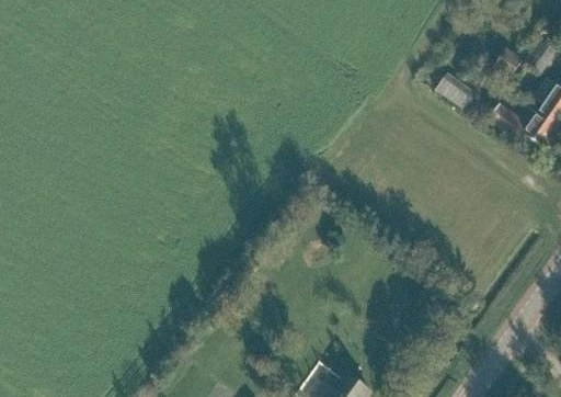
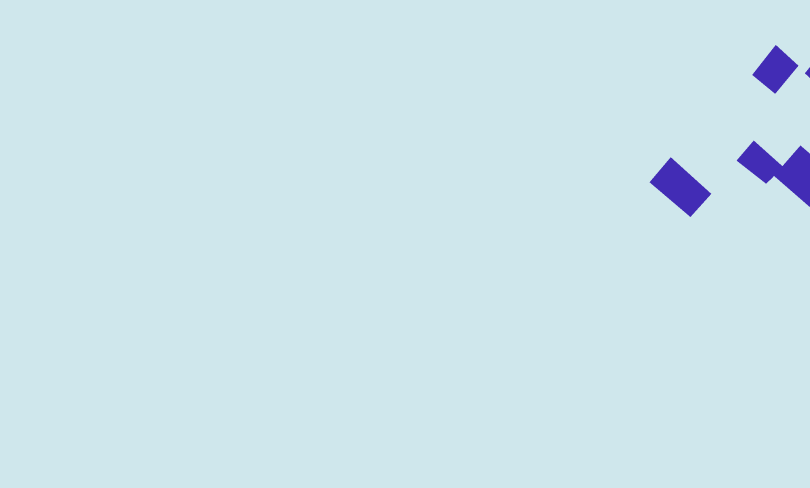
building: [436,70,477,107] -> [649,156,712,218]

